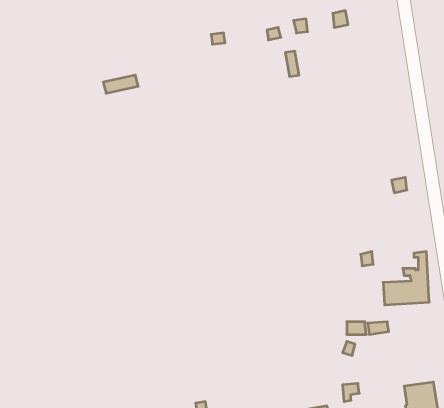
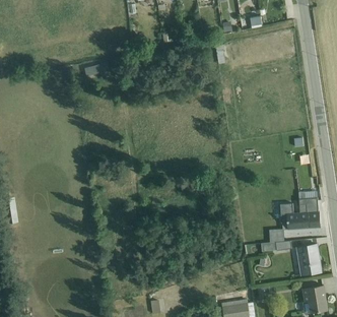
building: none -> [295,245,321,275]

